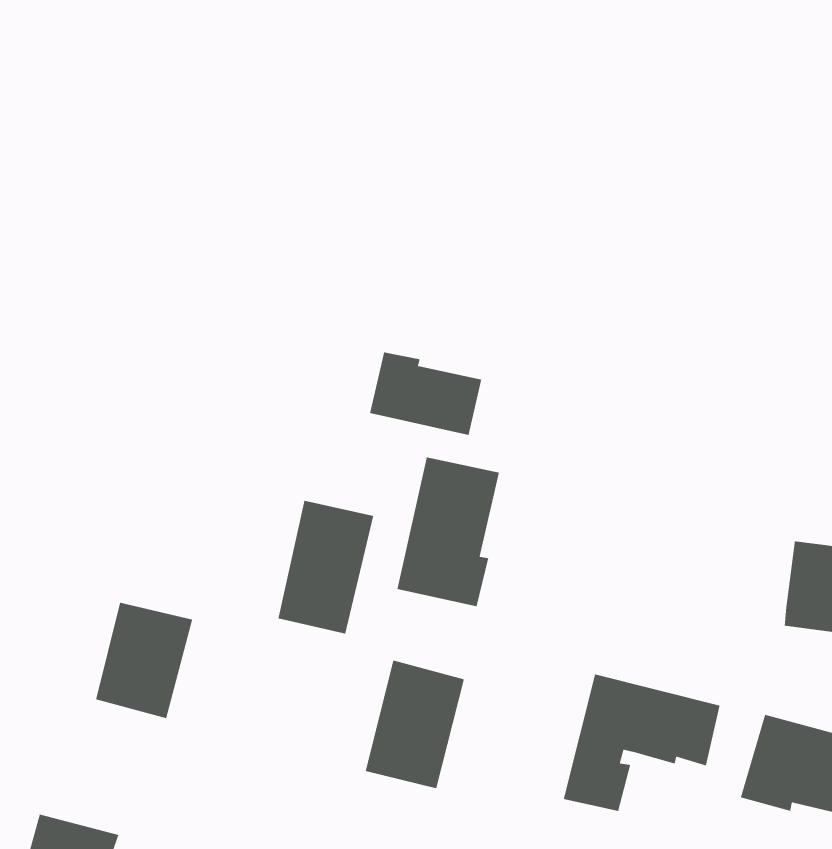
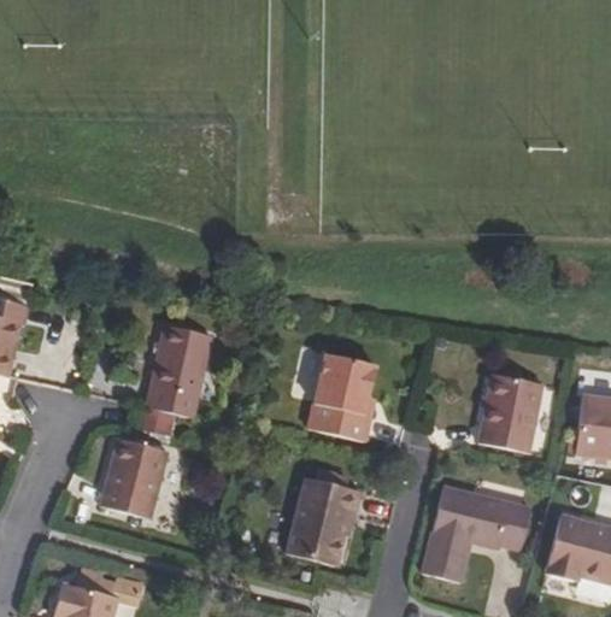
building: [369,352,482,436] -> none
building: [278,500,374,635] -> [146,325,212,418]
building: none -> [478,375,542,453]

